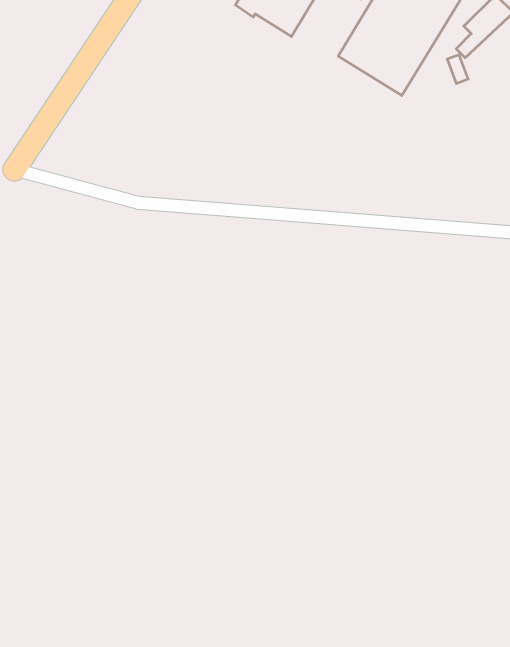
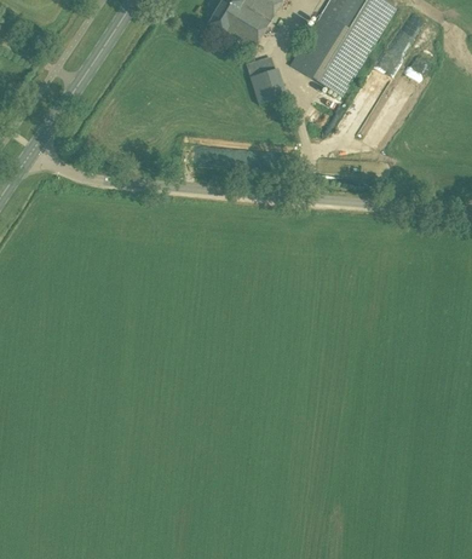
building: none -> [247,56,288,103]

